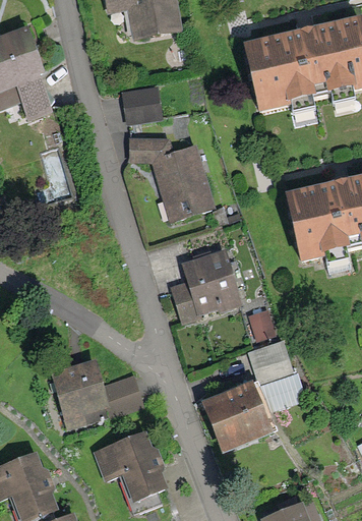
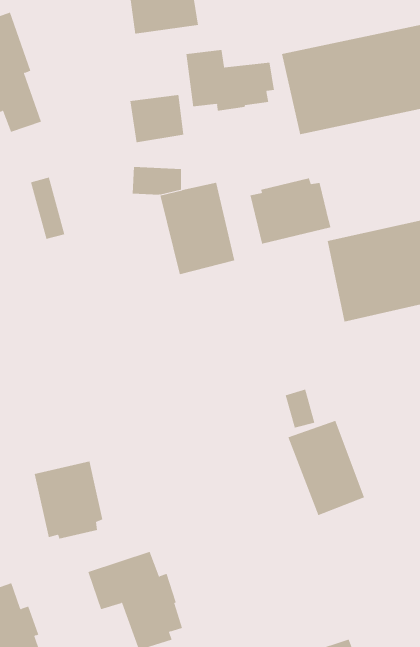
building: none -> [186,49,274,111]
building: none -> [250,178,331,245]
building: [170,250,236,314] -> none
building: [99,373,140,412] -> none
building: [198,382,270,454] -> none

